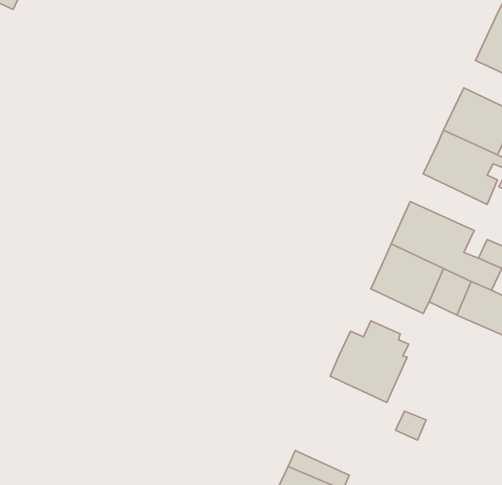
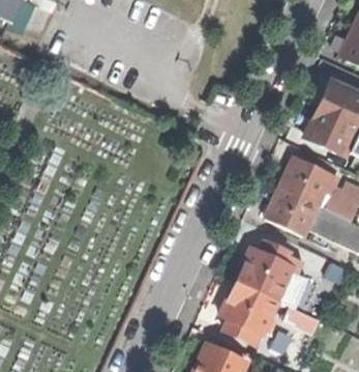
building: none -> [220,282,276,345]

